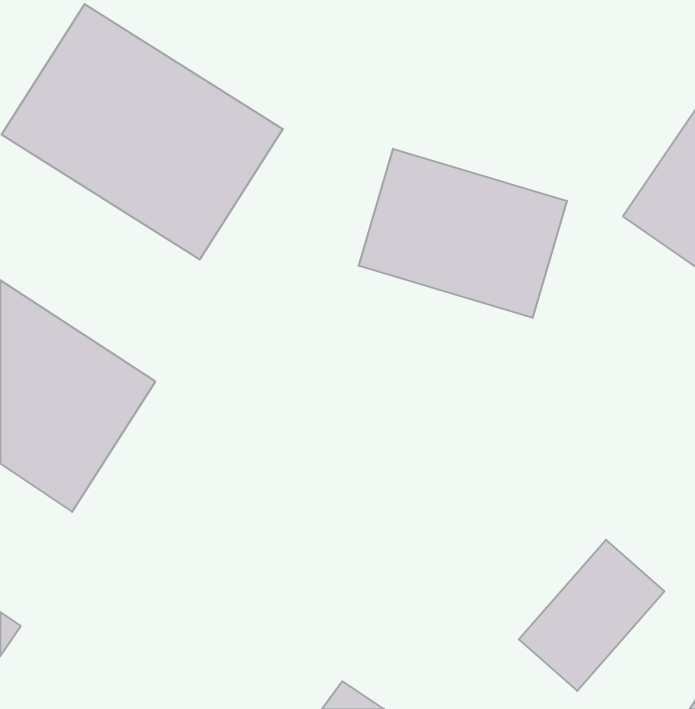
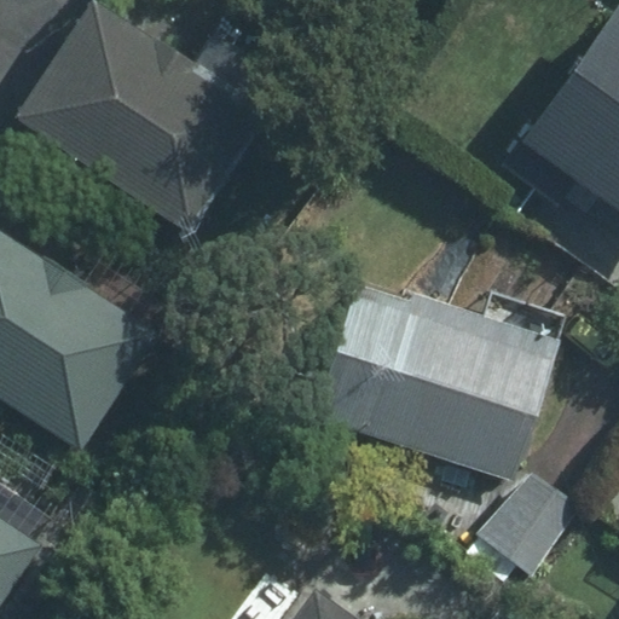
building: [359,149,567,318] -> none
building: none -> [312,285,555,474]

